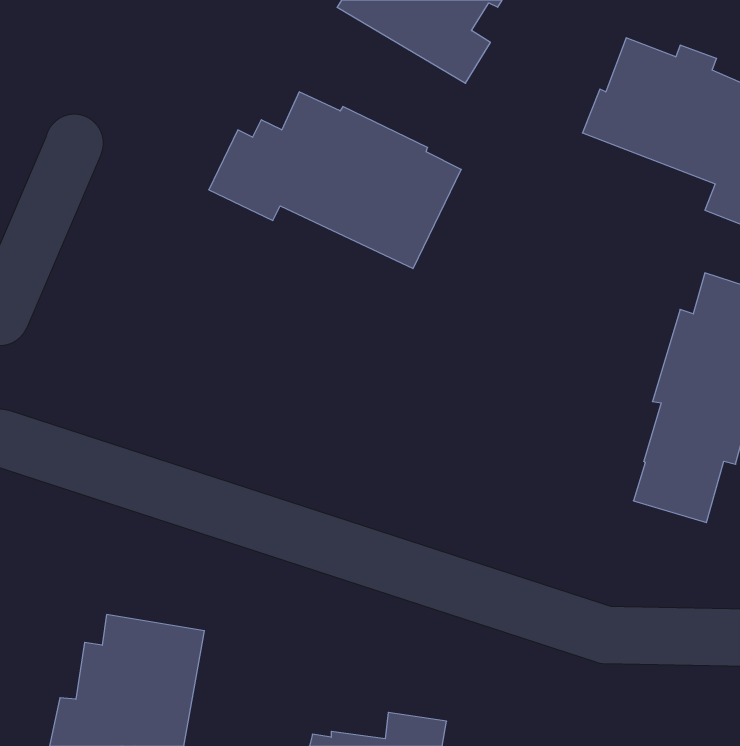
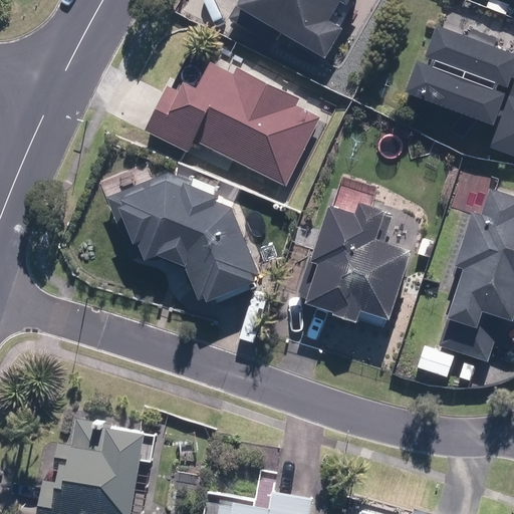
building: none -> [108,174,260,300]
building: none -> [299,205,409,319]

